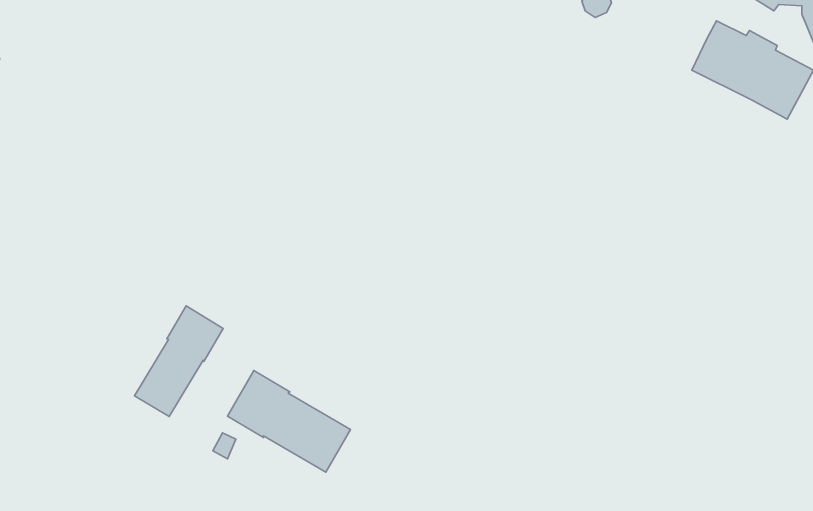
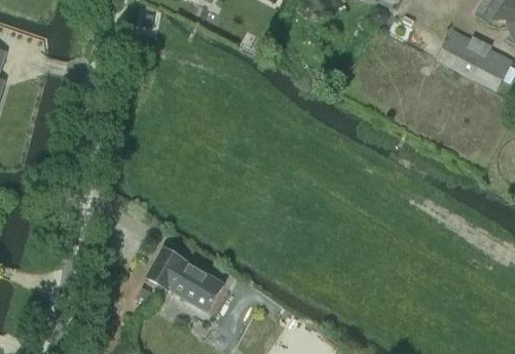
building: [135,306,223,417] -> none

